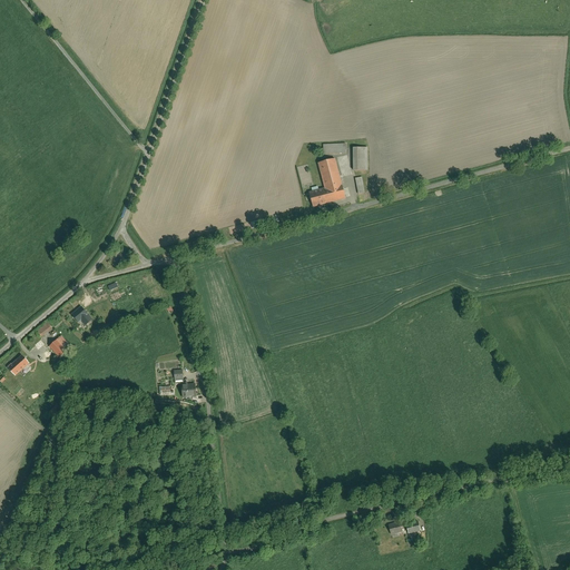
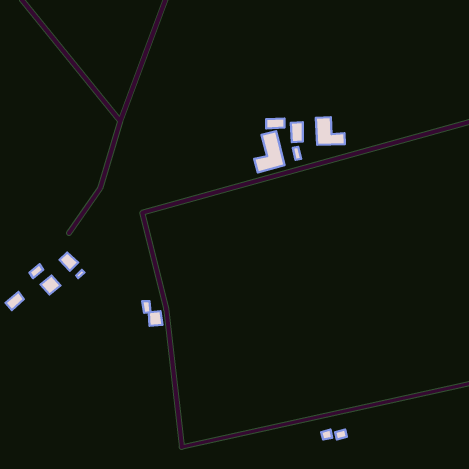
building: none -> [316,117,345,145]

